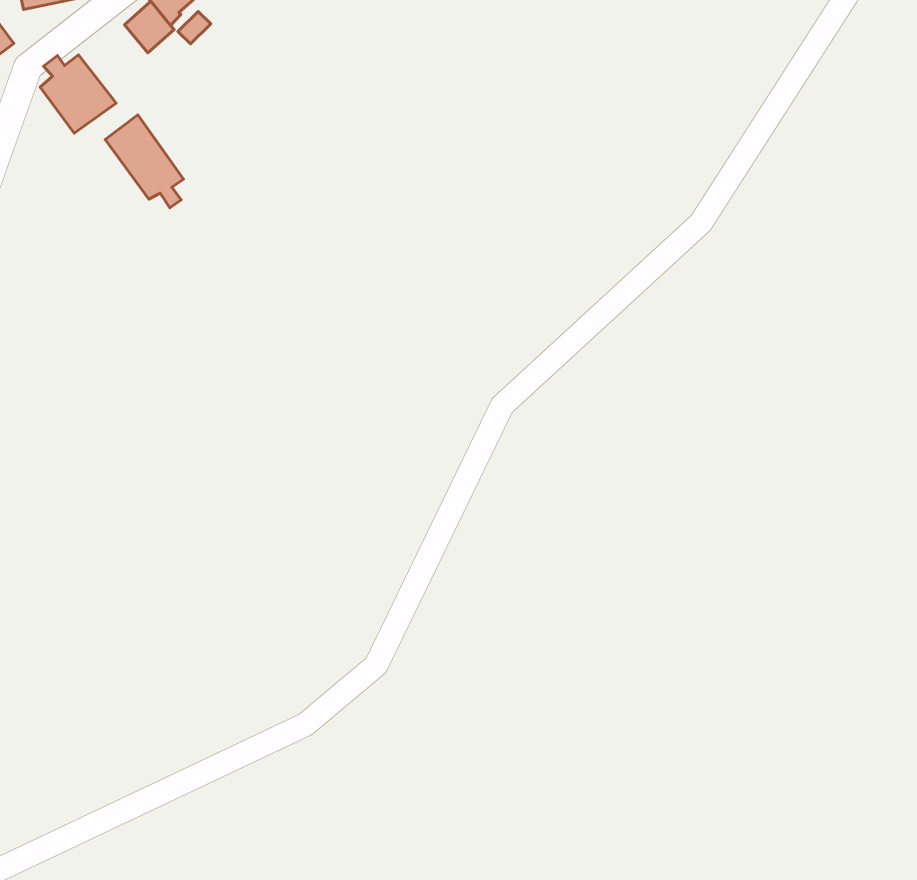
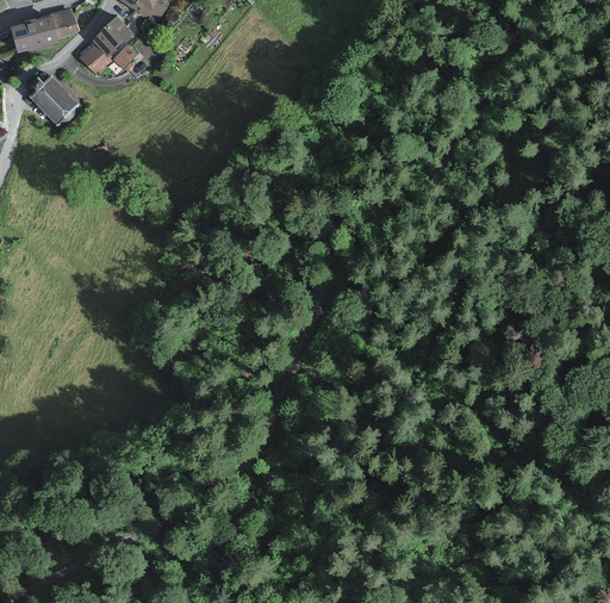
building: [105,115,183,208] -> none

